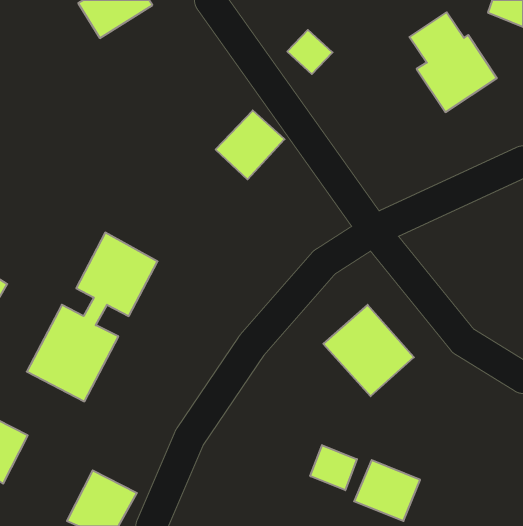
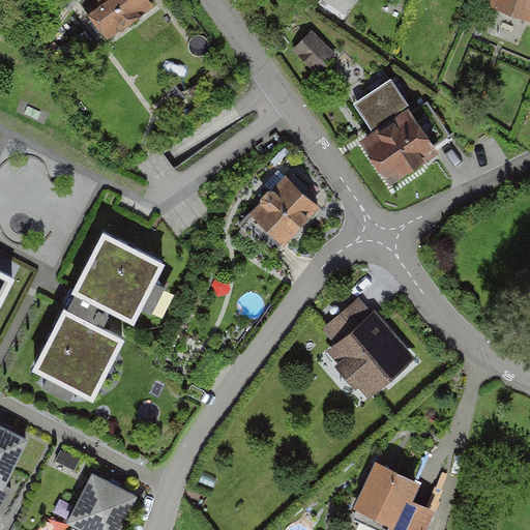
building: [409,12,497,112] -> [348,81,436,181]
building: [216,110,285,179] -> [252,174,321,243]
building: [310,445,357,490] -> none

